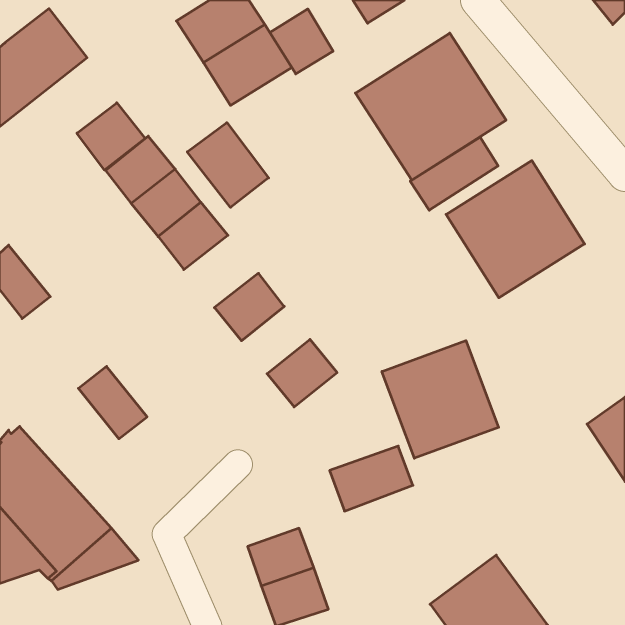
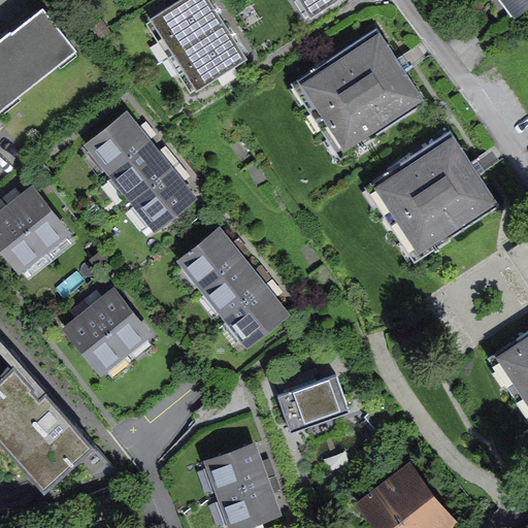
building: [270,9,333,74] -> none
building: [77,103,145,170] -> none
building: [187,123,269,207] -> none
building: [410,137,498,210] -> none
building: none -> [7,189,66,251]
building: none -> [203,259,261,316]
building: [382,341,499,458] -> none
building: none -> [90,291,147,352]

